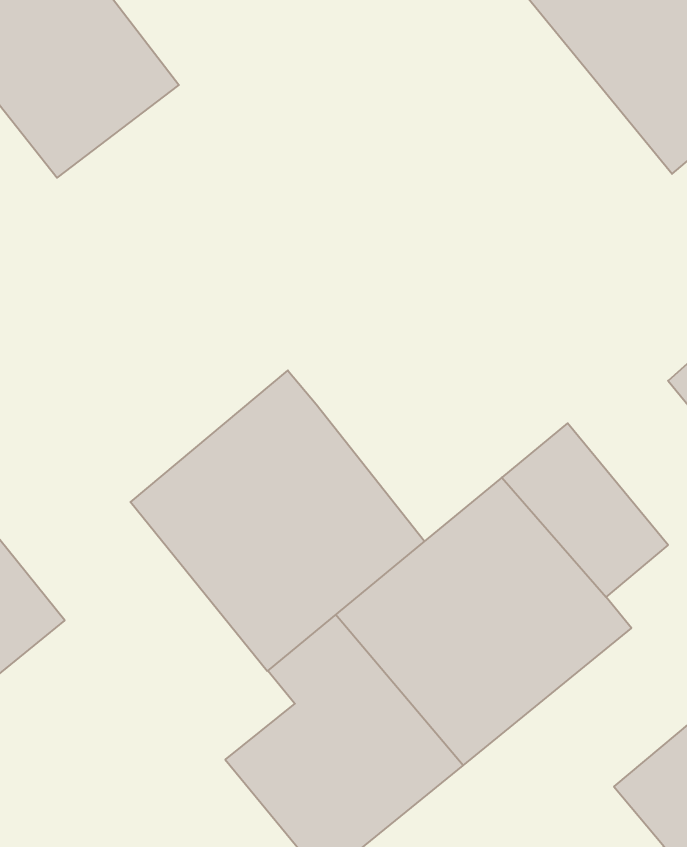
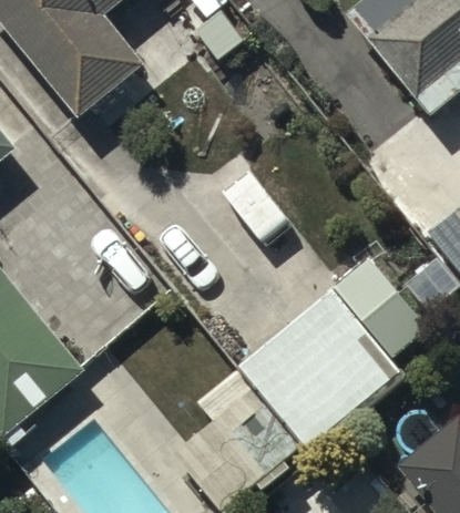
building: [130,370,424,671] -> none

